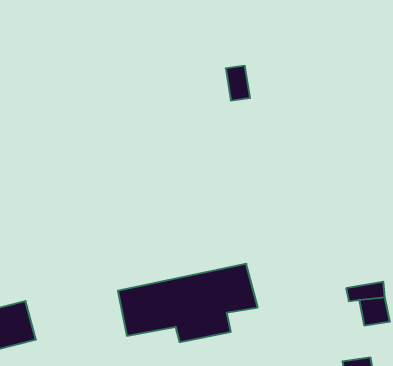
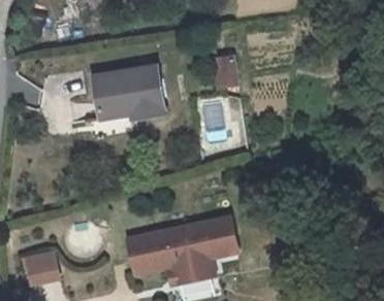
building: none -> [93,66,166,119]

